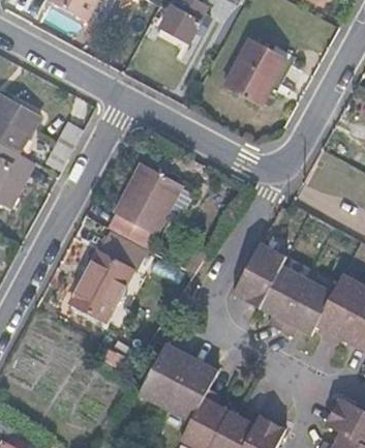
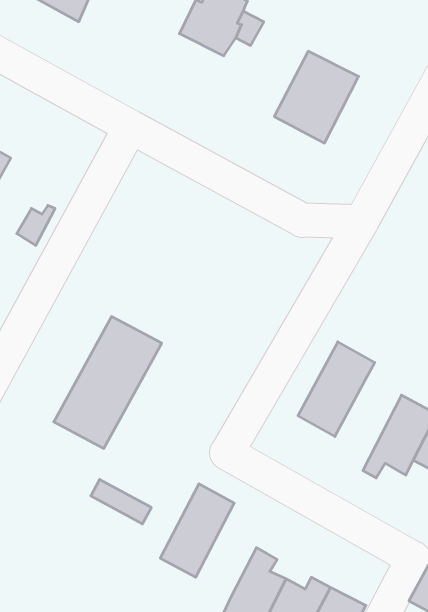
building: [105,161,180,246] -> none
building: [267,269,313,335] -> none
building: [170,358,221,423] -> none

